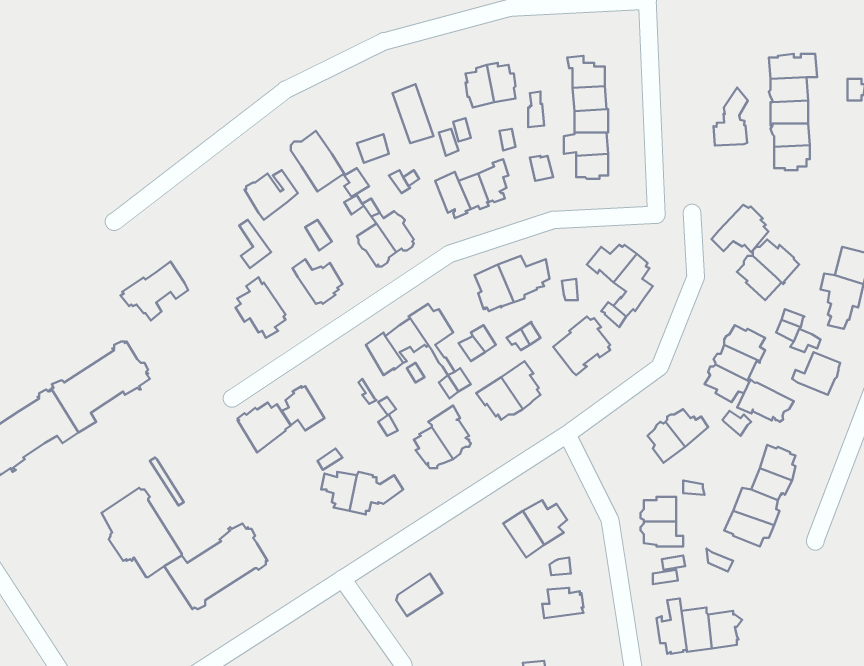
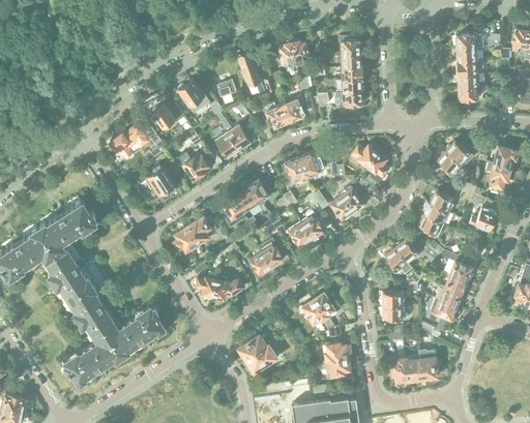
building: [714,87,748,146] -> none
building: [712,205,769,252] -> none
building: [120,262,188,320] -> [110,125,149,159]
building: [737,380,794,422] -> none
building: [237,402,291,452] -> [187,216,218,245]
building: none -> [46,247,92,300]
building: none -> [64,331,122,384]
building: none -> [246,344,277,372]
building: none -> [323,358,351,383]

